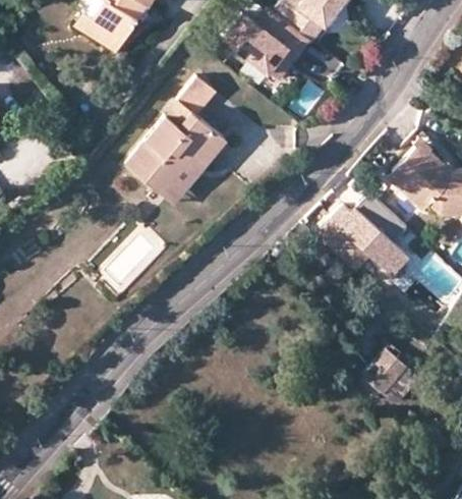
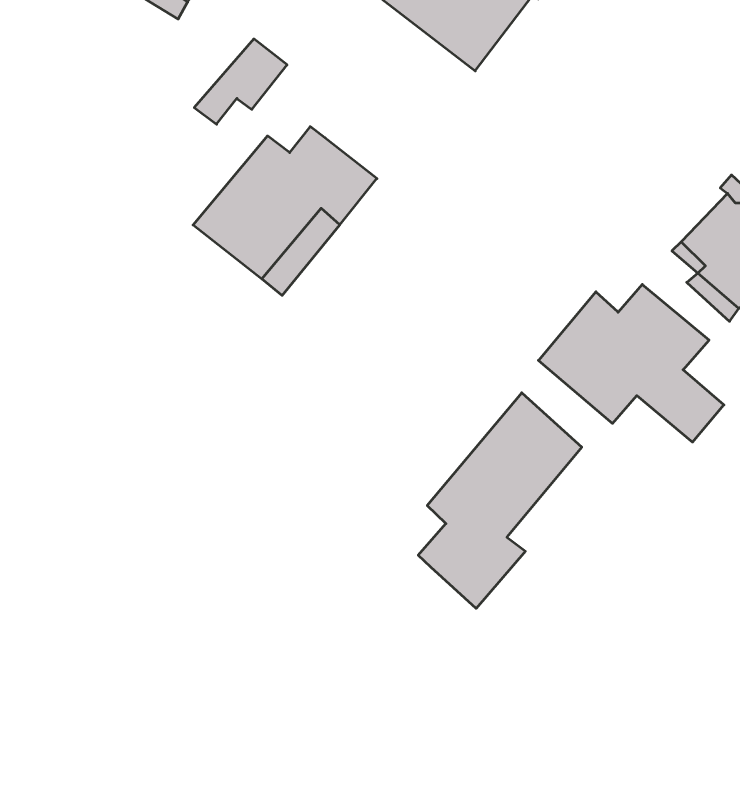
building: [166,77,217,124] -> [194,39,287,124]
building: none -> [418,393,582,608]
building: [366,346,418,399] -> none

